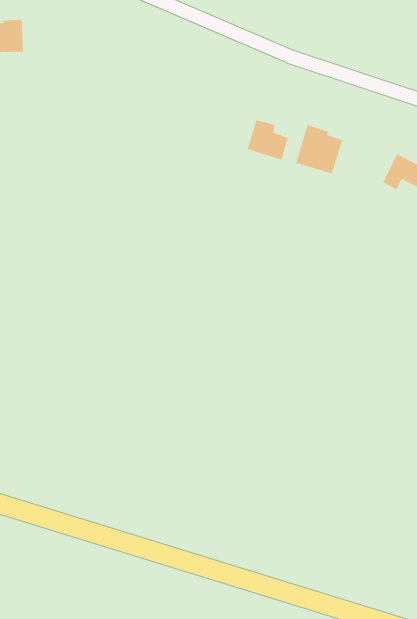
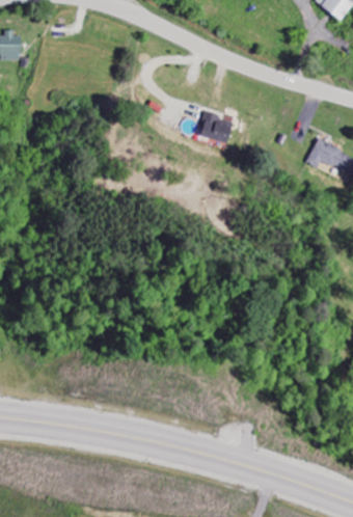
building: [296,124,343,174] -> none

